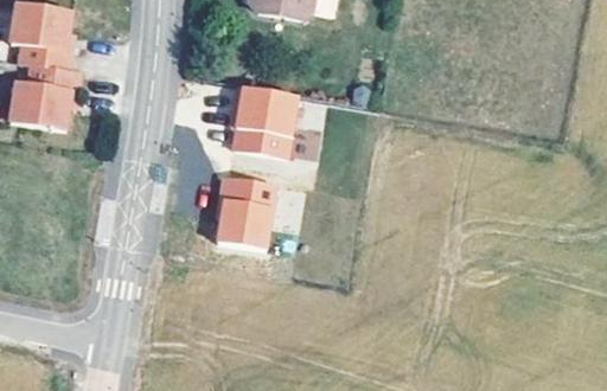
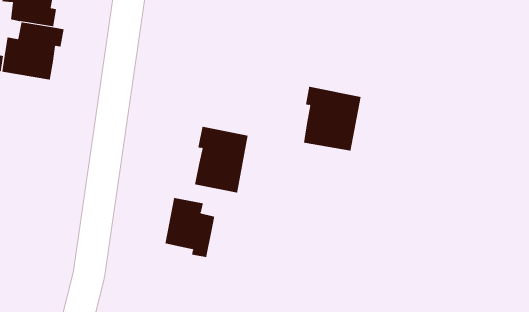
building: [236,85,301,158] -> [303,86,362,151]
building: none -> [165,197,215,258]

